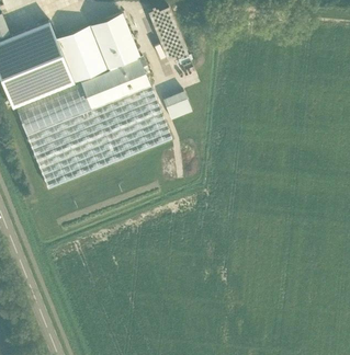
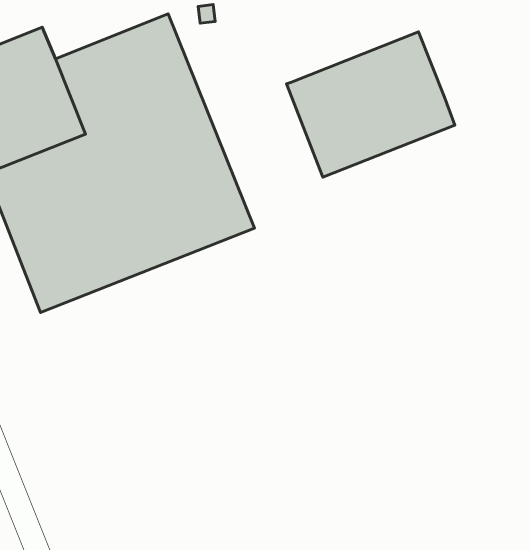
building: none -> [286,32,455,177]

